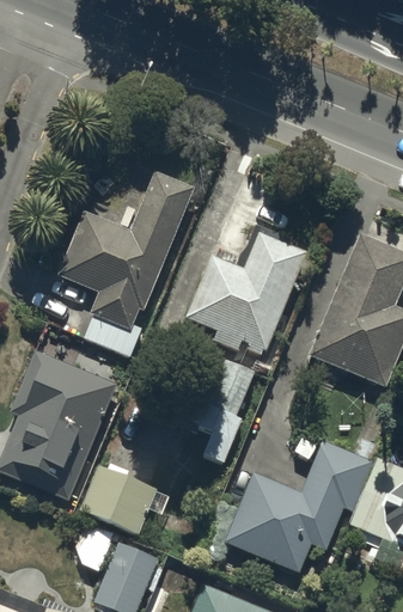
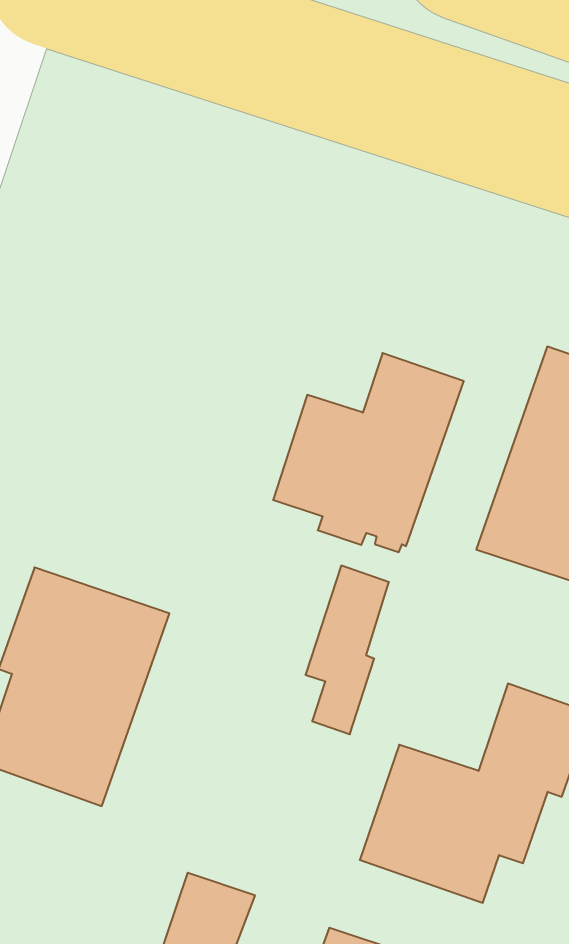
building: [57,172,194,331] -> none
building: [79,466,157,534] -> none

